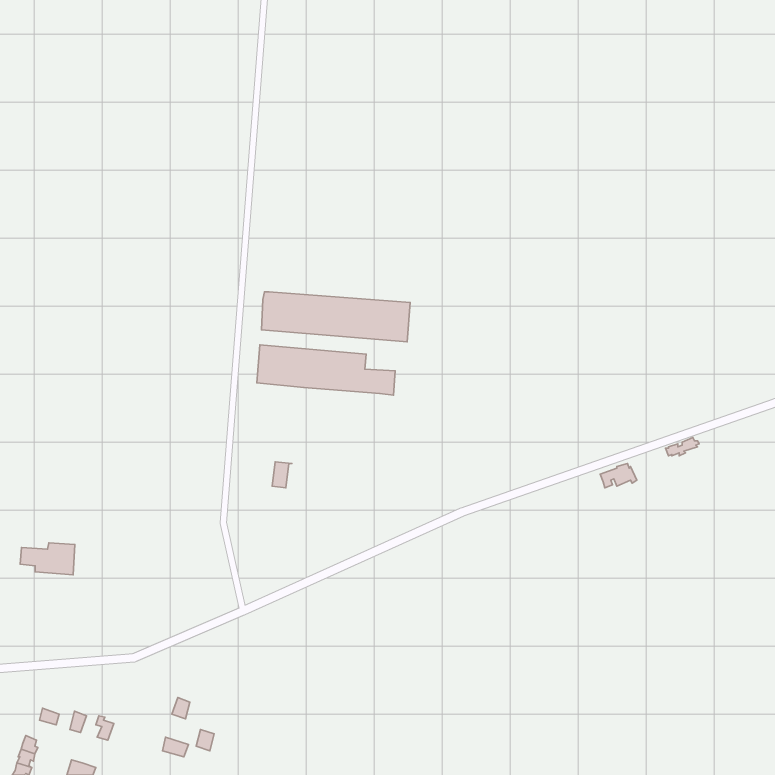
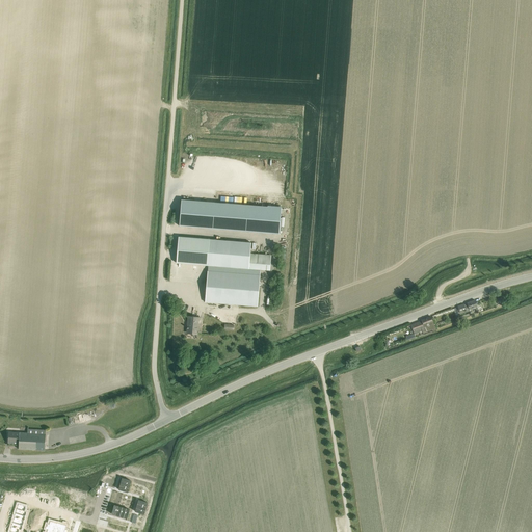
building: none -> [205,265,260,305]
building: [20,543,75,575] -> [7,428,45,450]

